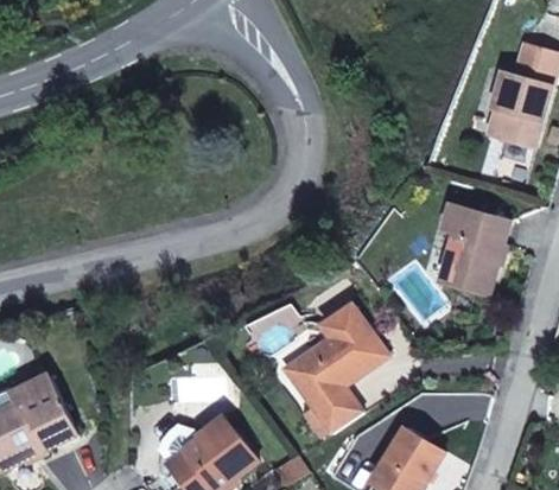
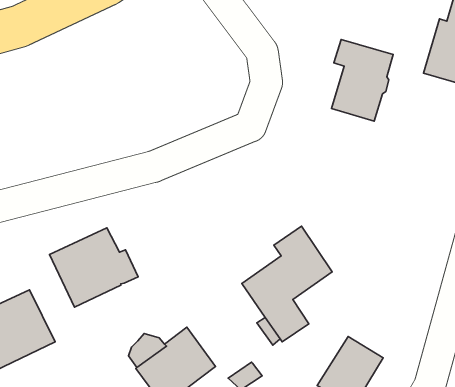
building: [439,203,508,294] -> [332,39,393,121]
building: none -> [49,228,138,307]

